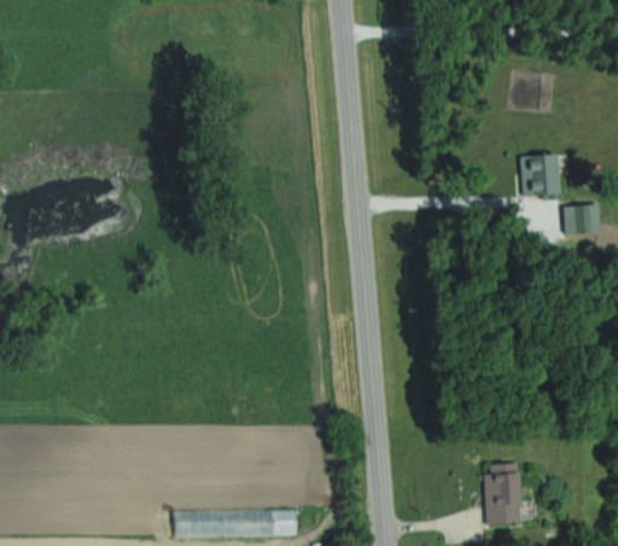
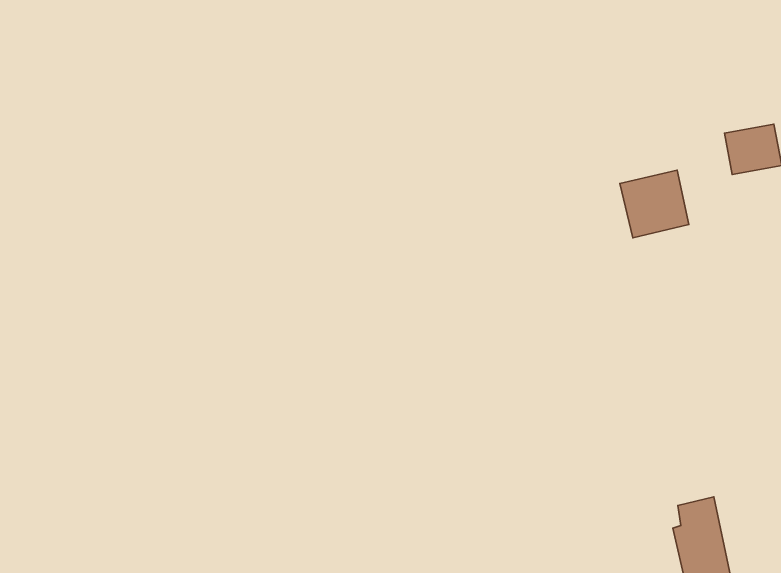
building: [515,153,560,197] -> [620,170,689,238]

